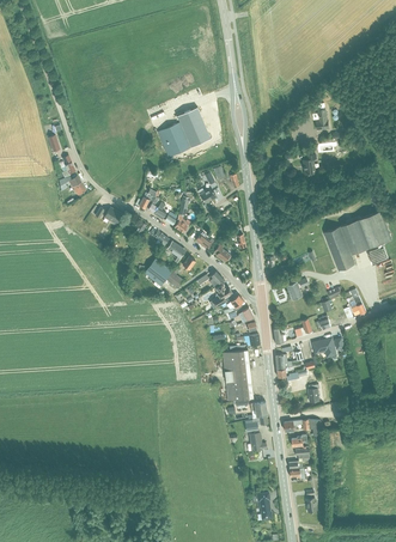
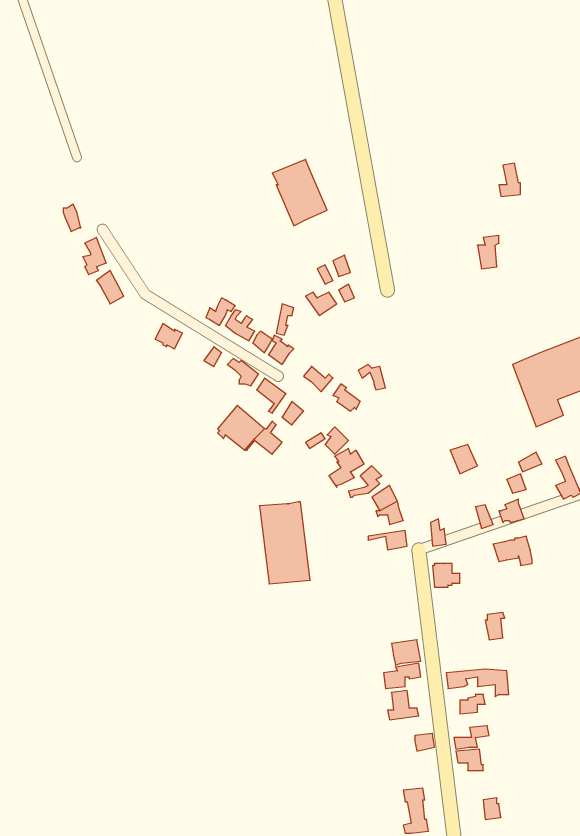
building: [157,122,189,157] -> none
building: [221,349,252,400] -> [259,502,310,584]

